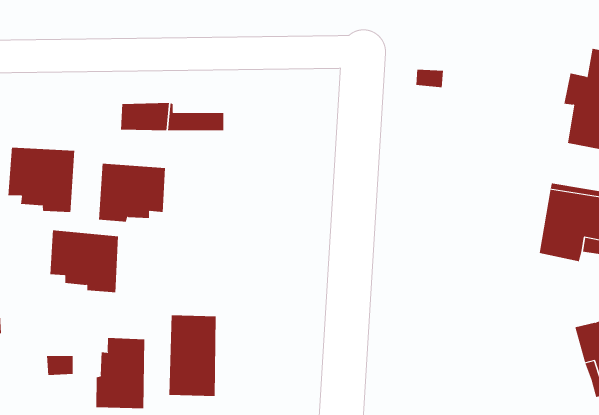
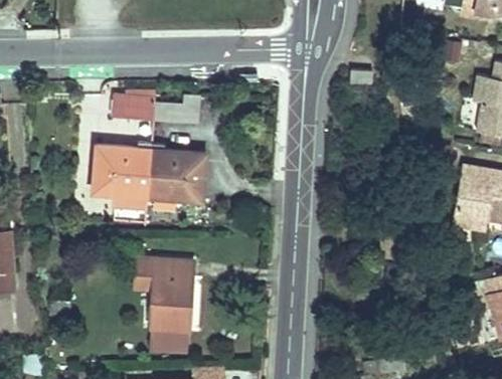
building: [8,147,75,213] -> none
building: [50,230,119,293] -> [146,151,202,202]
building: [96,337,145,409] -> none

